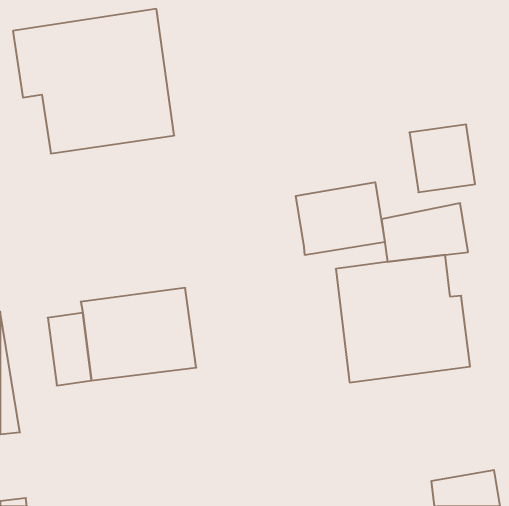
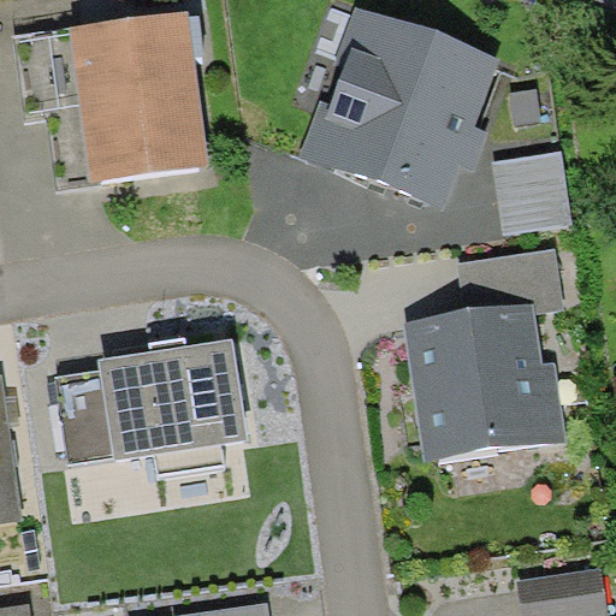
building: none -> [304,11,492,205]
building: [296,182,385,255] -> none

